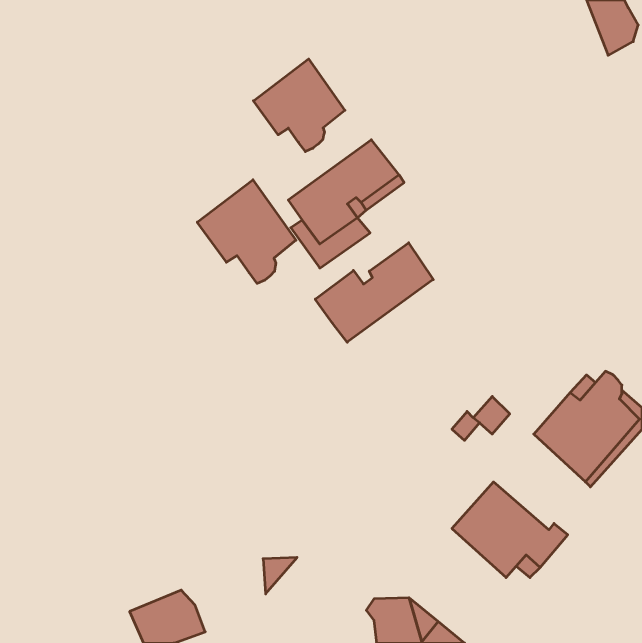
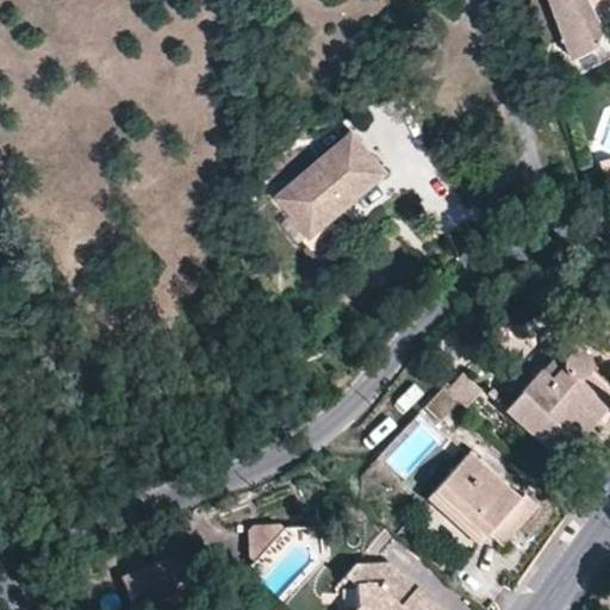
building: [253,59,345,152] -> none
building: [197,180,296,283] -> none
building: [315,243,433,342] -> none

